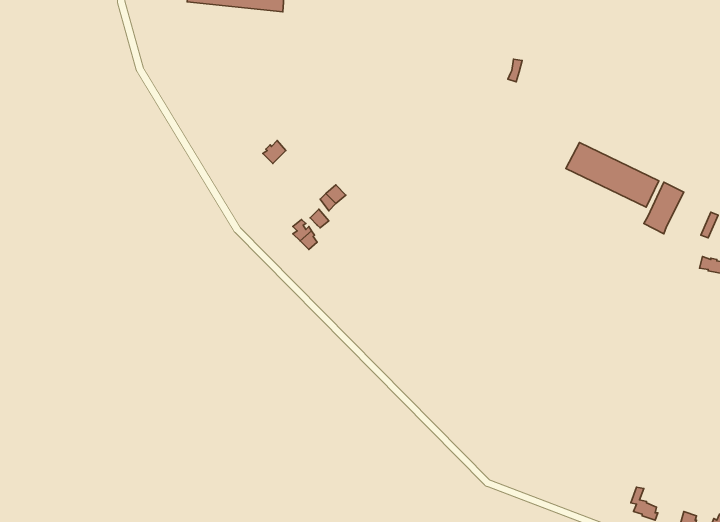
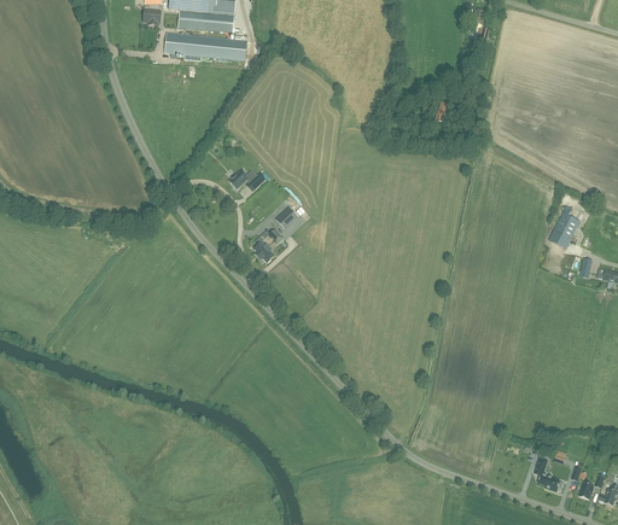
building: [566,143,659,207] -> none

